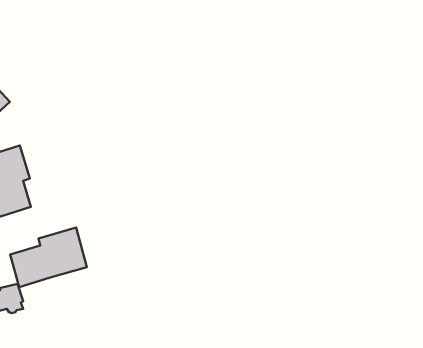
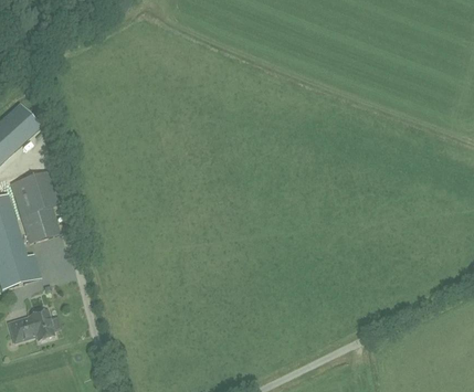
building: [10,228,87,287] -> none

